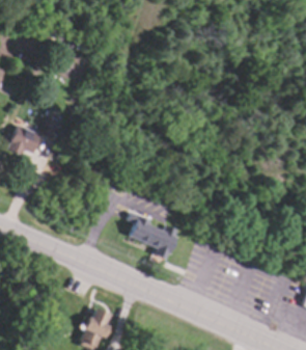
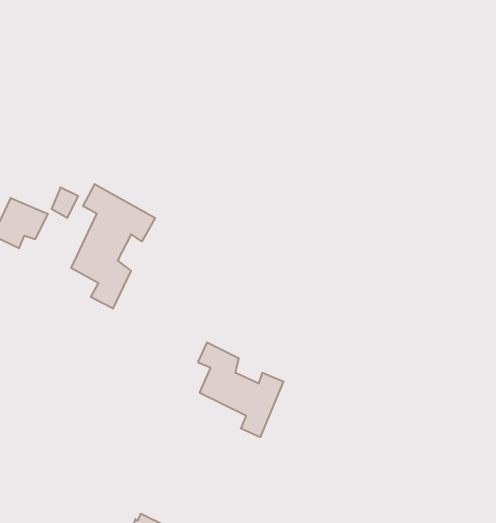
building: none -> [71,184,155,309]

